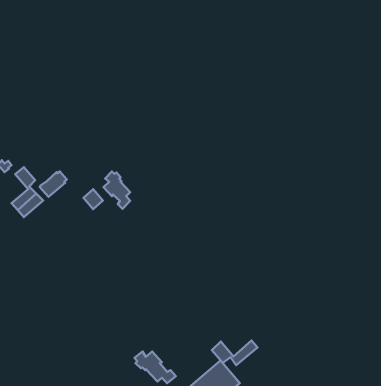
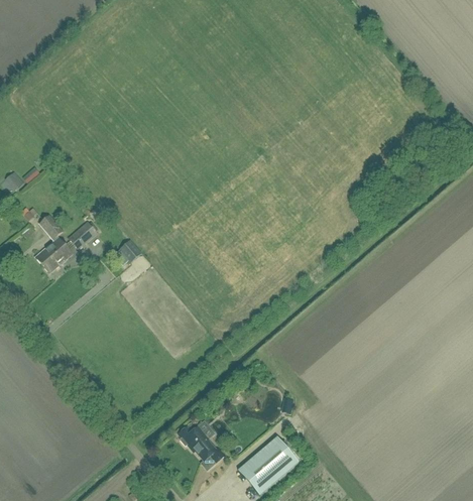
building: [104,172,130,209] -> none
building: [212,341,257,365] -> none

